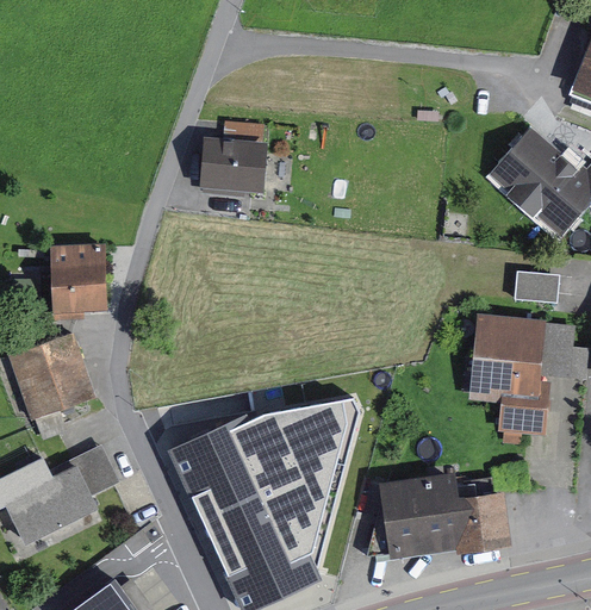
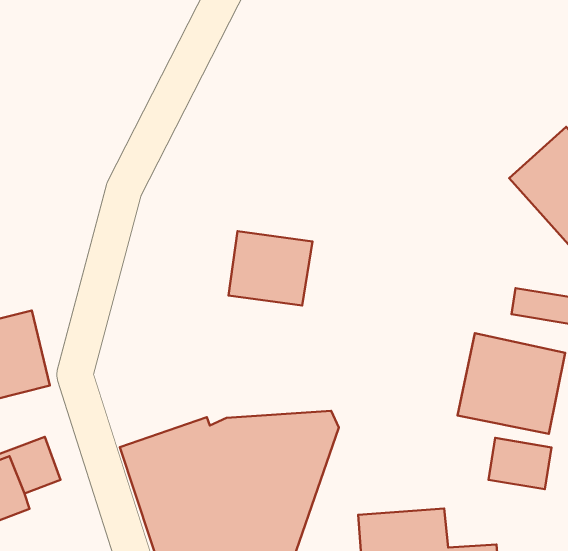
building: [203,136,273,197] -> [228,231,312,306]
building: [51,245,111,319] -> none

